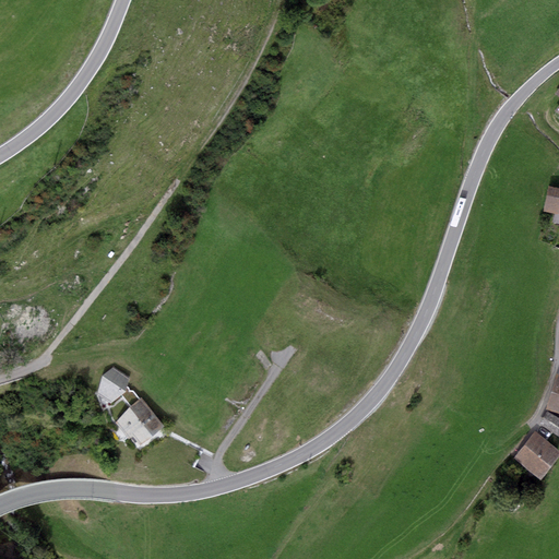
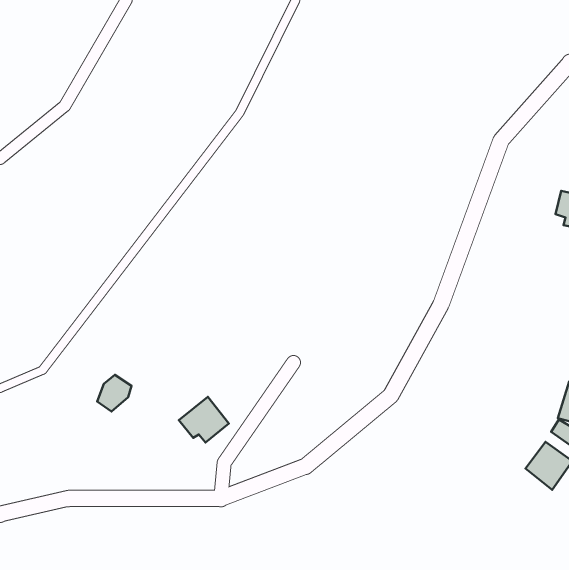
building: [115,397,164,442] -> [179,397,229,442]

